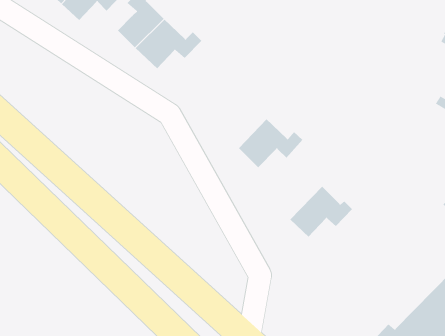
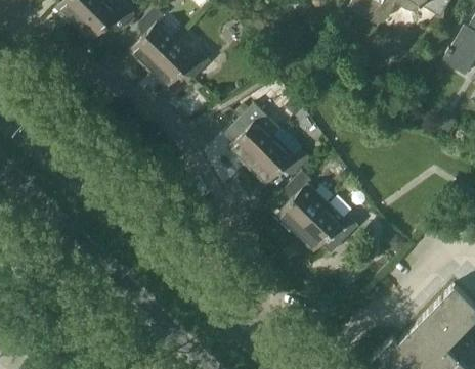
building: none -> [228,102,282,165]
building: none -> [276,170,329,234]

